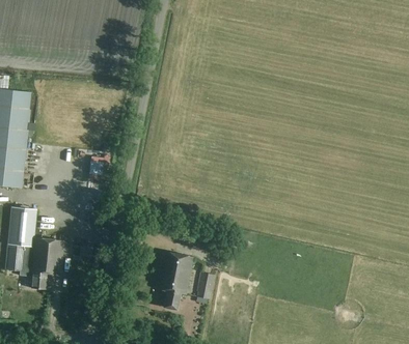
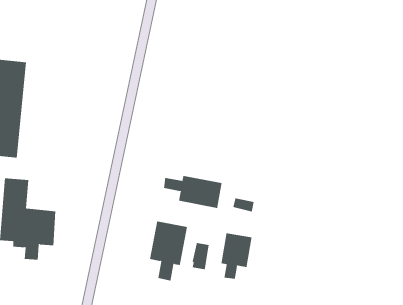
building: none -> [163,175,222,209]
building: none -> [221,233,252,280]

